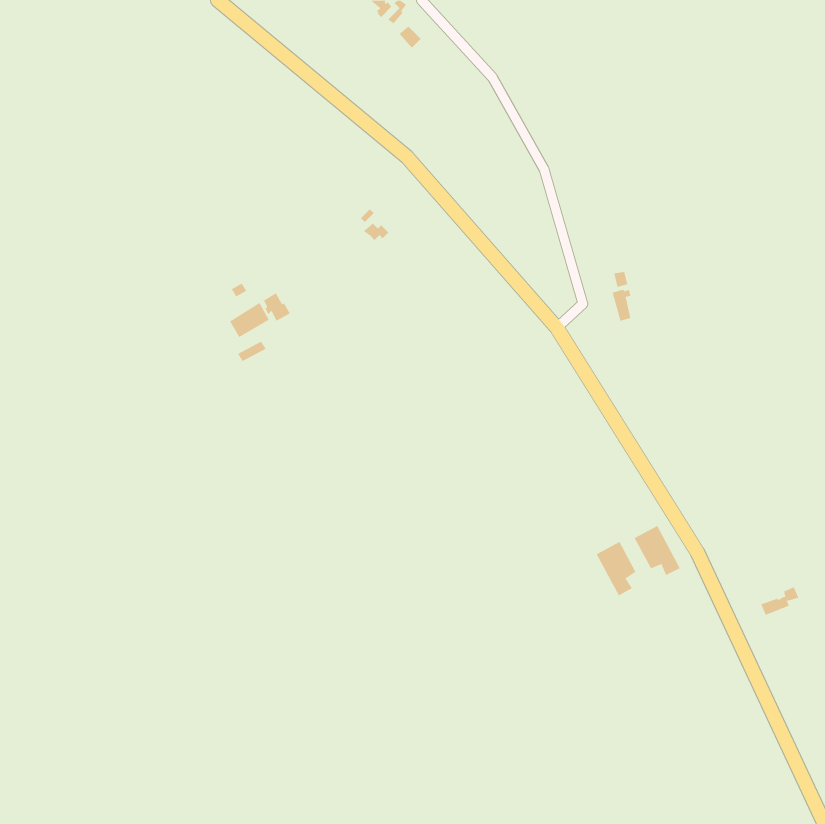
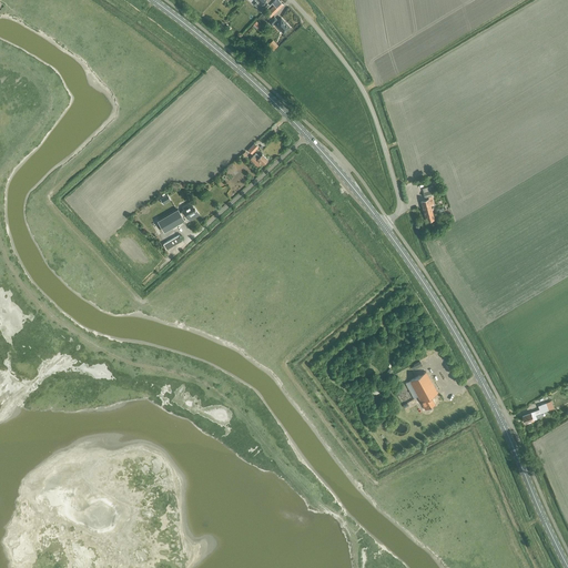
building: [634,525,680,576] -> none

